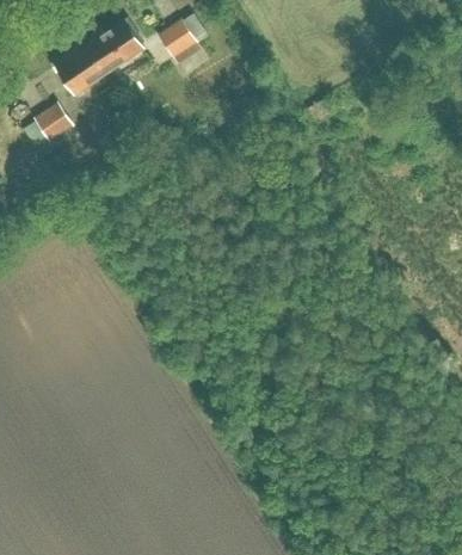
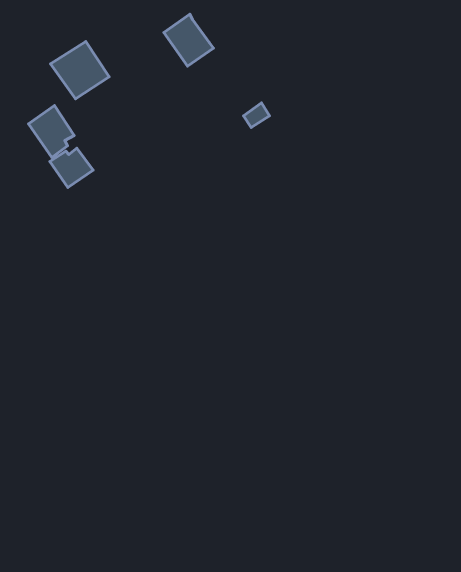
building: [86,21,144,75] -> none
building: none -> [50,148,93,188]

